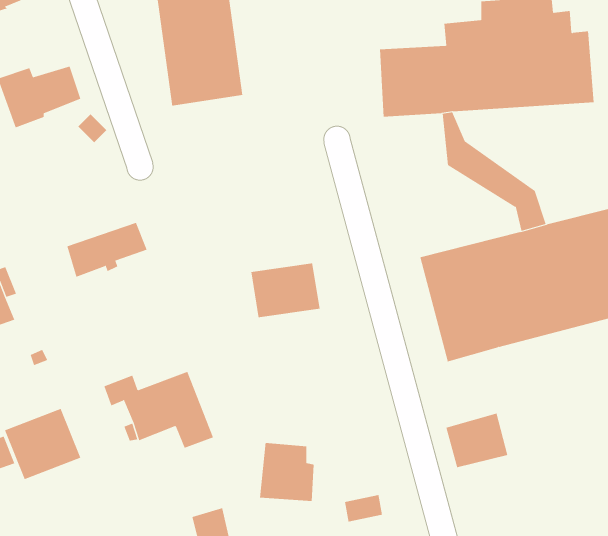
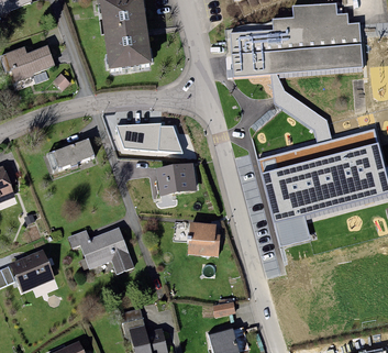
building: none -> [117,123,182,153]
building: [446,413,508,468] -> [274,213,311,246]
building: [259,443,314,501] -> [187,222,220,257]

